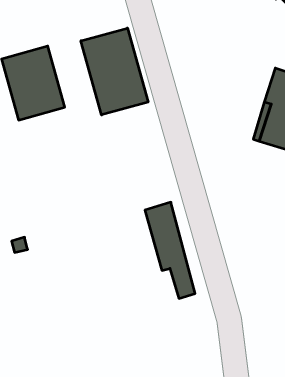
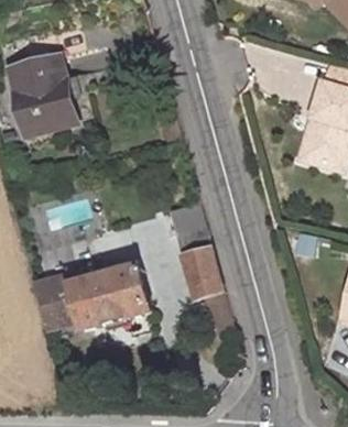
building: [81,28,148,115] -> none
building: none -> [36,269,154,331]

